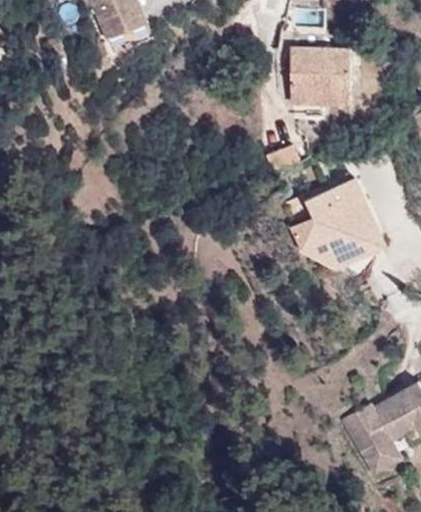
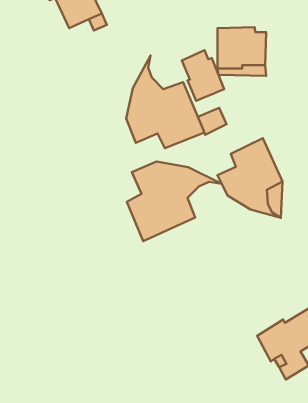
building: none -> [182,50,224,101]
building: none -> [126,56,204,148]
building: none -> [127,162,222,241]

